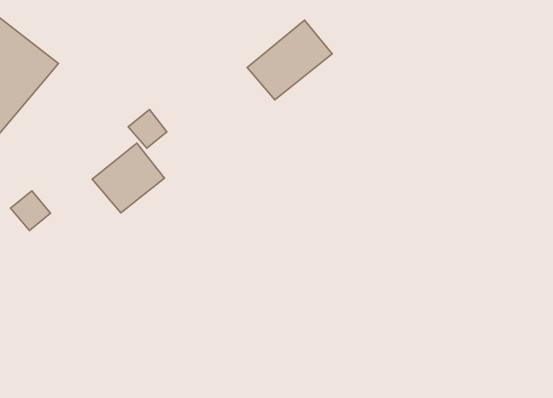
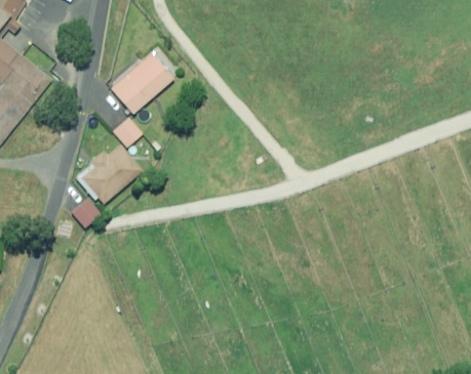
building: [247,20,332,100] -> [109,51,179,117]
building: [11,191,51,231] -> [70,196,103,228]

